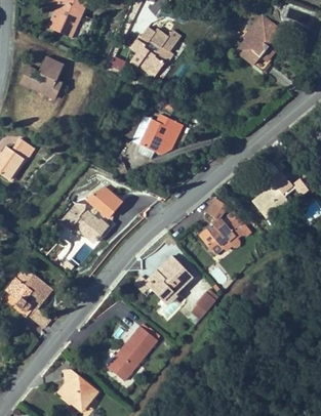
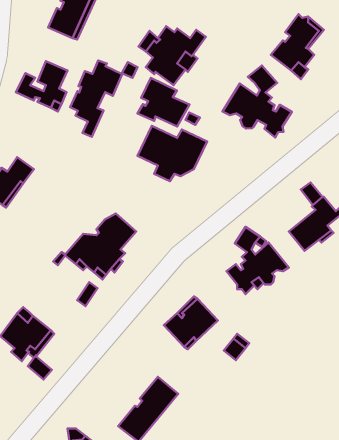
building: none -> [70,61,122,137]
building: none -> [223,66,292,137]
building: none -> [138,78,189,126]

